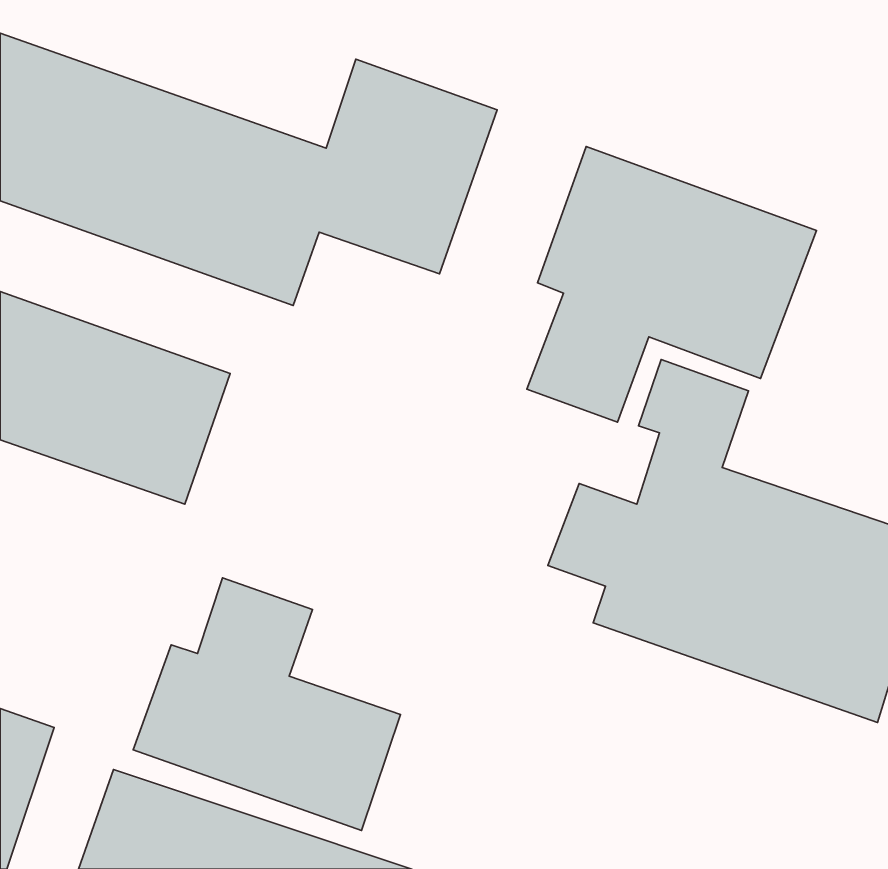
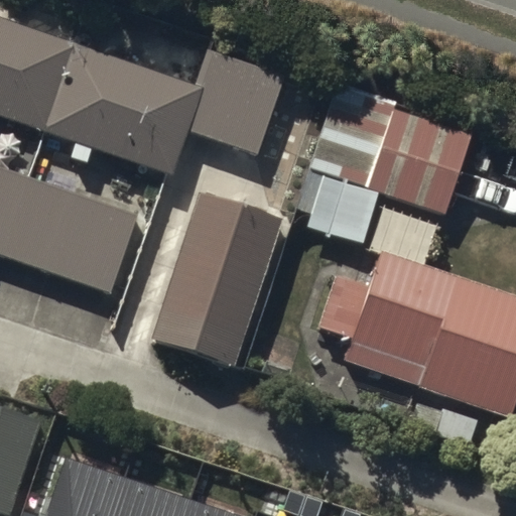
building: none -> [151,192,282,363]
building: [133,578,401,831] -> none

